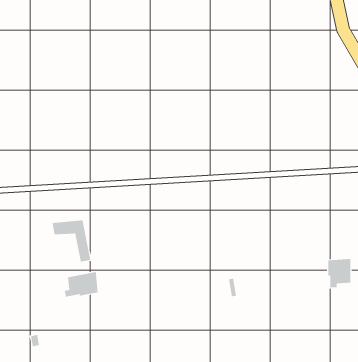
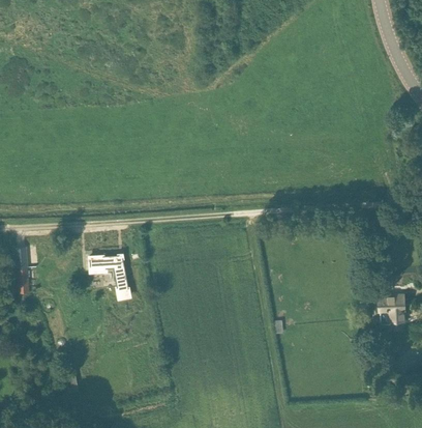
building: [64,271,98,297] -> none

